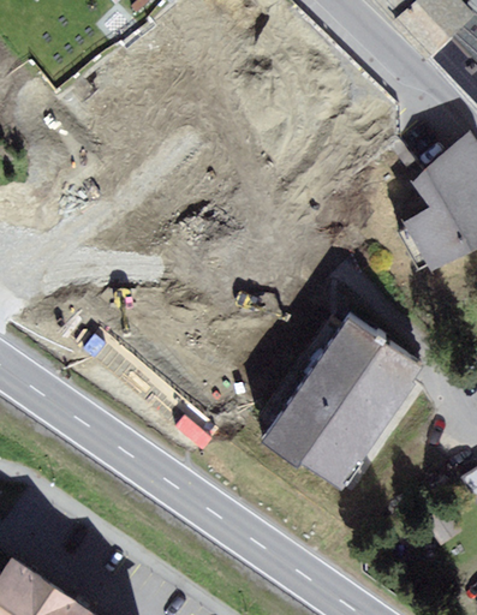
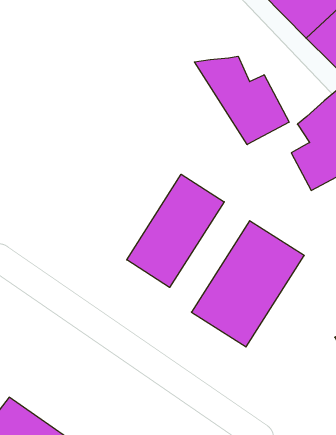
building: none -> [194,56,289,145]
building: none -> [127,174,224,287]

